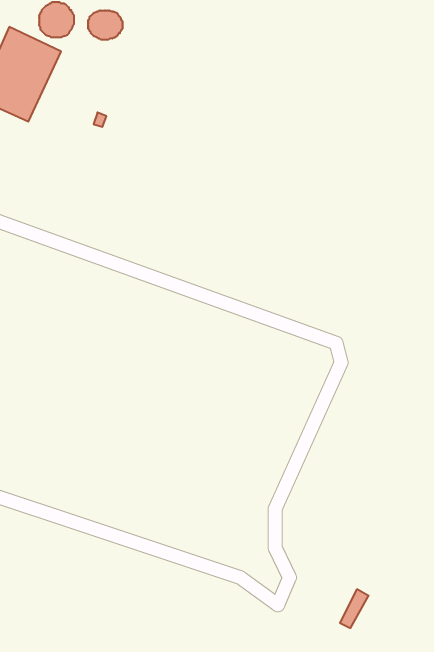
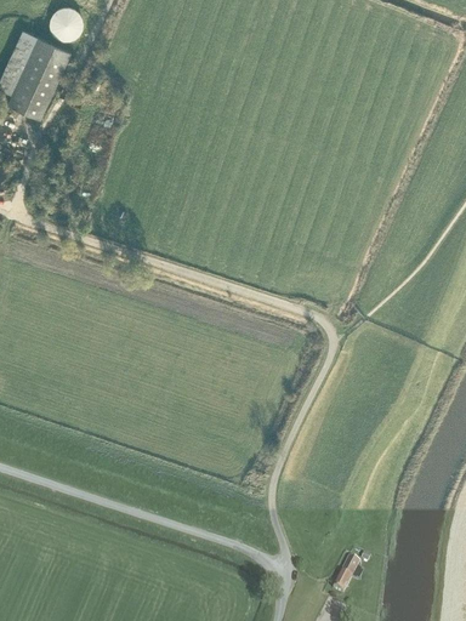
building: [88,10,122,40] -> none

